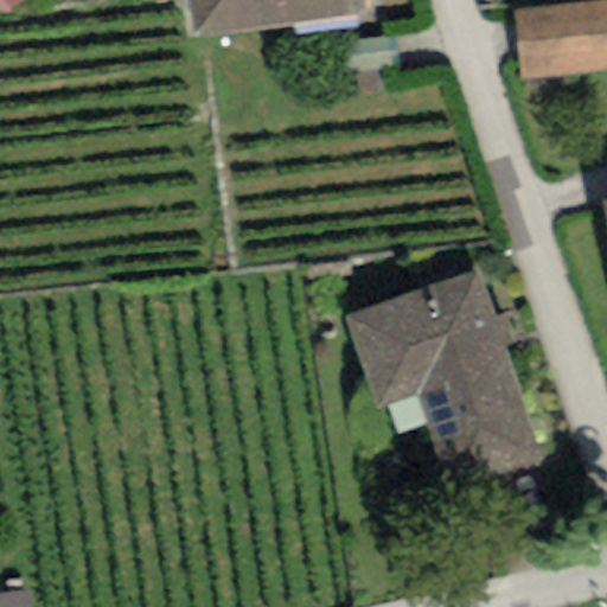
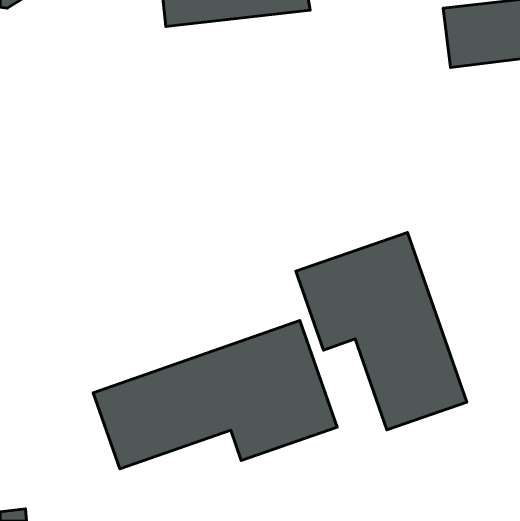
building: none -> [93,320,337,469]

